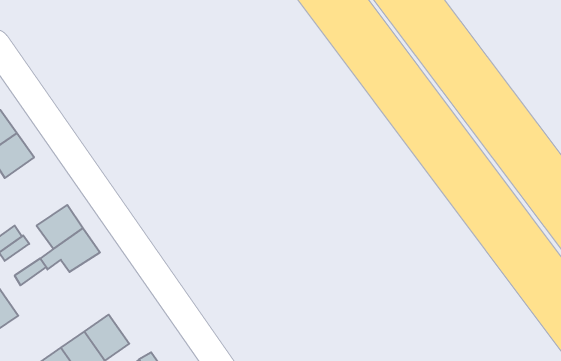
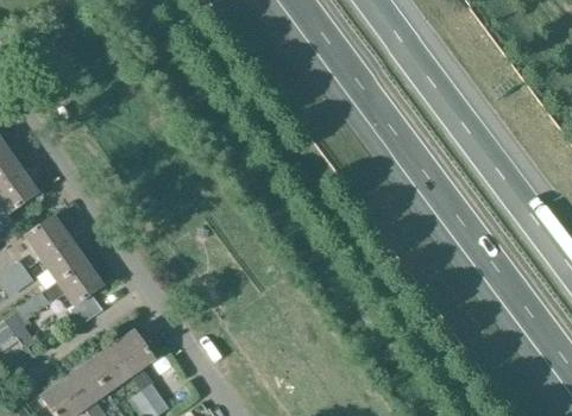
building: none -> [24,215,70,259]
building: none -> [111,329,155,374]

